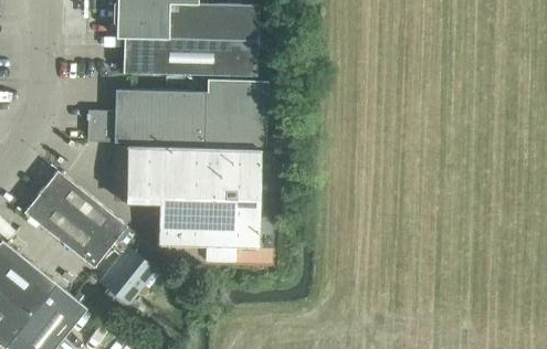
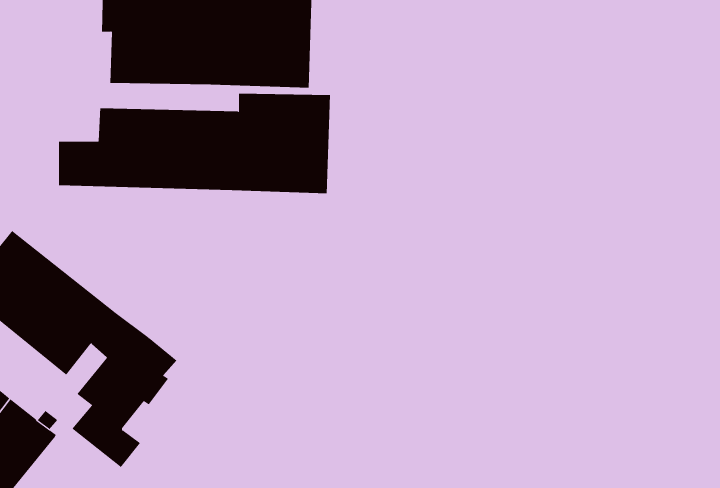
building: [117,144,257,256] -> none

